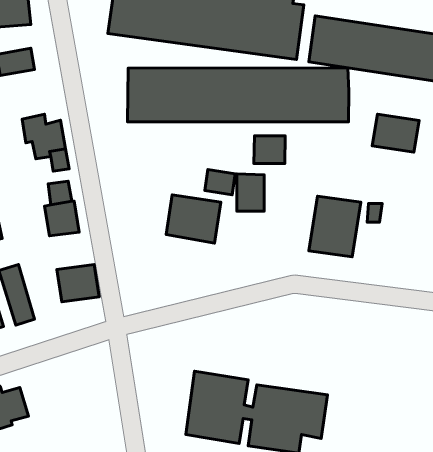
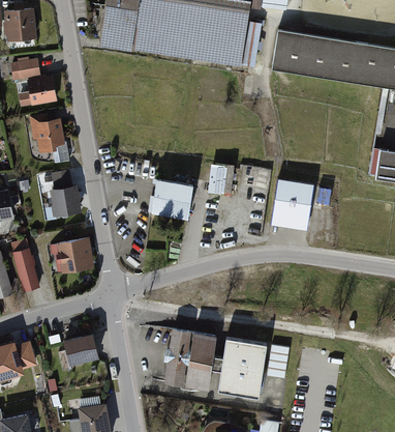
building: [127,68,349,122] -> none
building: none -> [18,76,56,104]
building: [372,114,419,152] -> none
building: [254,136,285,163] -> none
building: [205,170,235,195] -> none
building: none -> [62,336,95,365]

